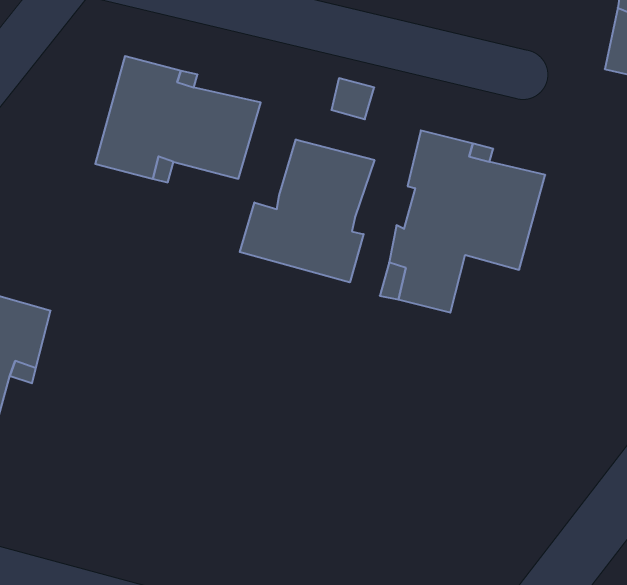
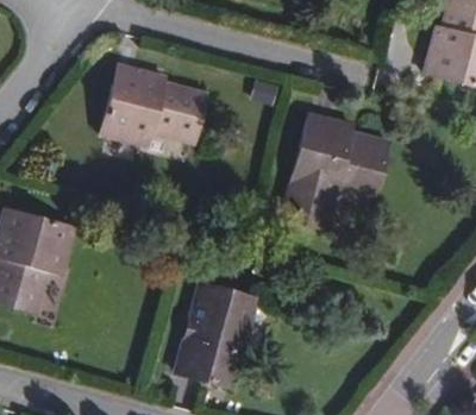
building: [240,139,374,282] -> none
building: none -> [175,283,253,385]

